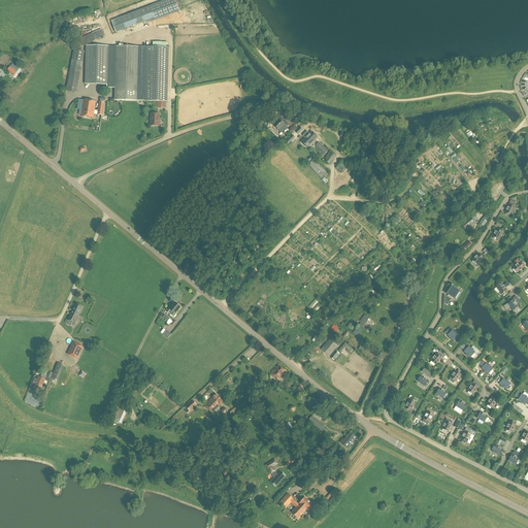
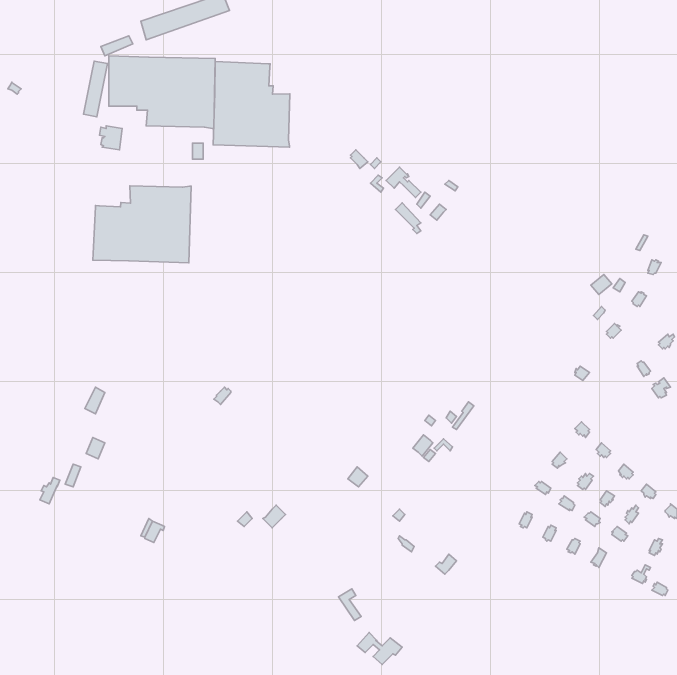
building: none -> [213,61,290,147]
building: none -> [93,186,191,263]

